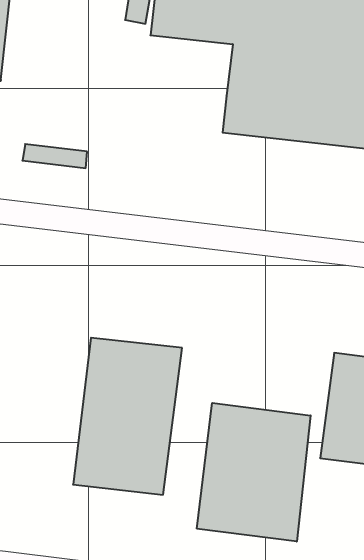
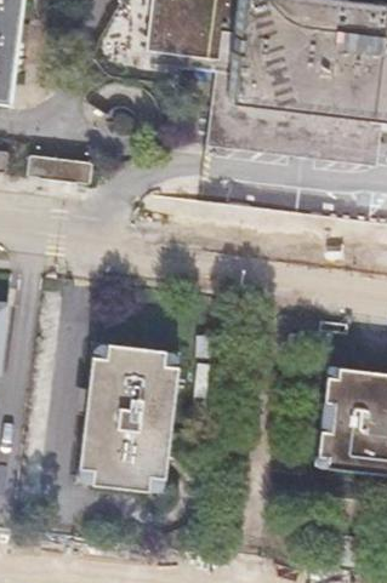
building: [197,403,311,542] -> none

